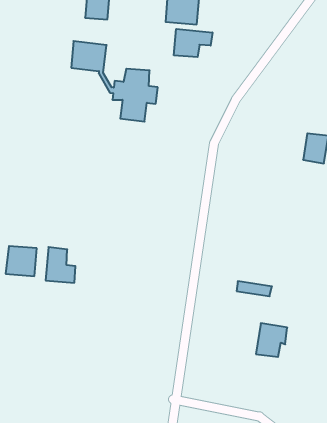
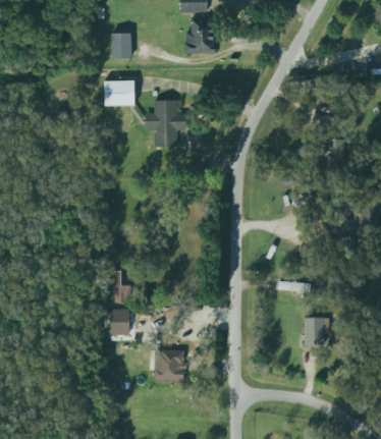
building: [174,29,212,57] -> none
building: [6,246,37,276] -> [104,309,130,335]
building: none -> [154,349,187,381]

